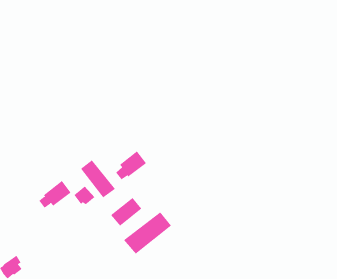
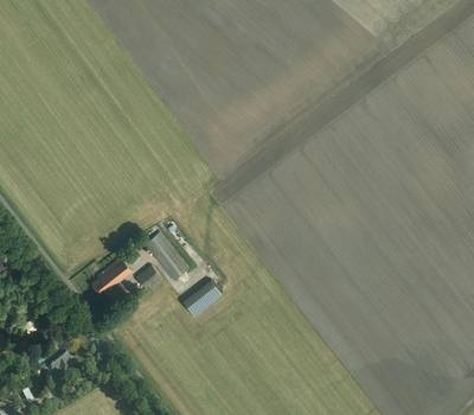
building: [115,150,147,180] -> none
building: [123,211,172,255] -> none

